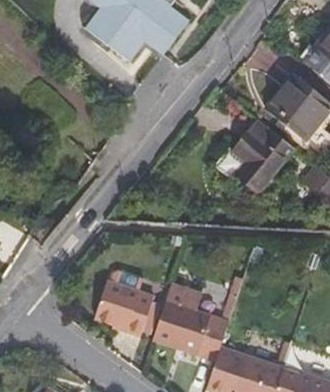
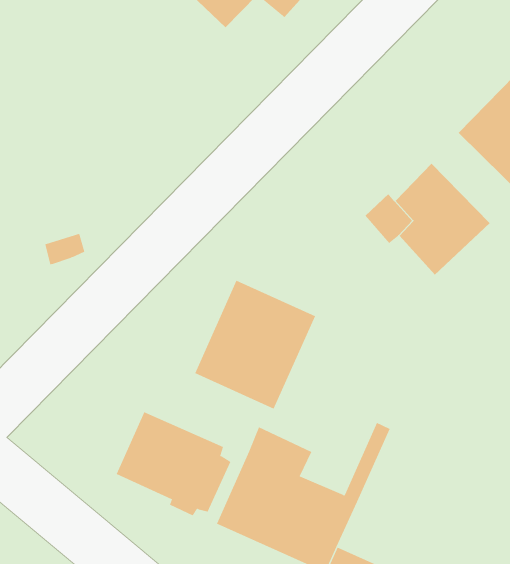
building: none -> [194,280,316,409]

